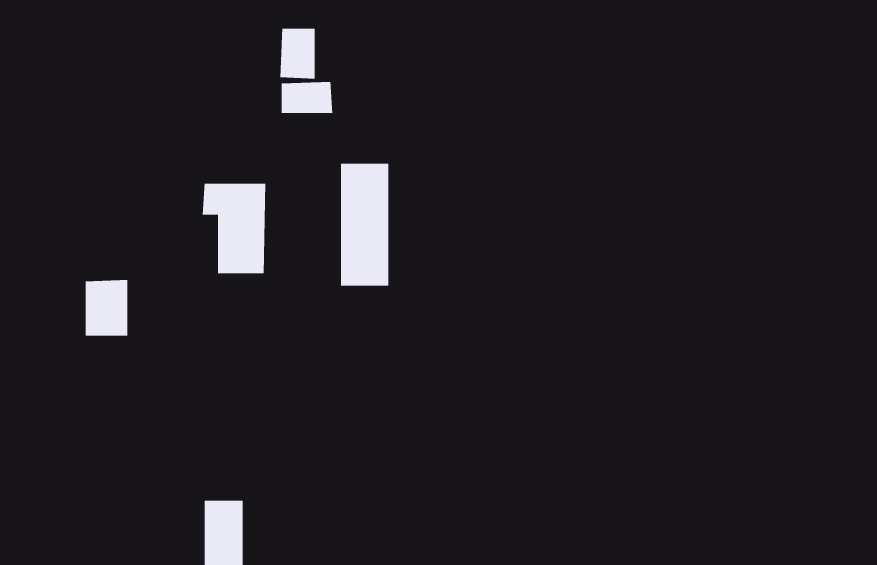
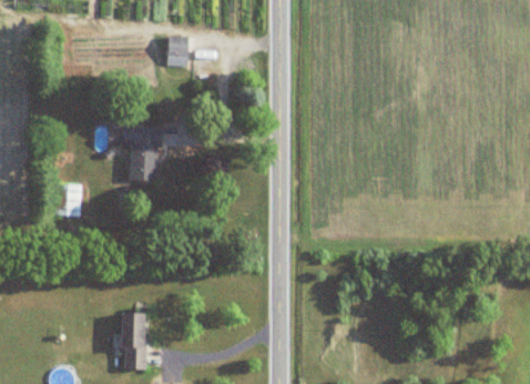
building: [281,81,333,114] -> none
building: [341,163,389,286] -> none

